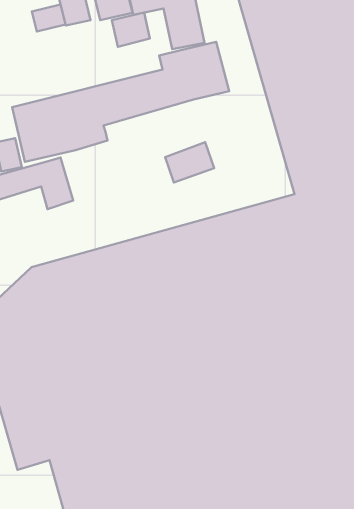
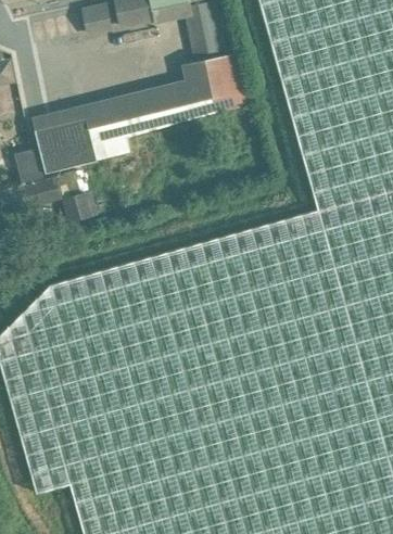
building: [32,5,66,31] -> none
building: [112,13,150,47] -> none
building: [165,142,214,182] -> none

